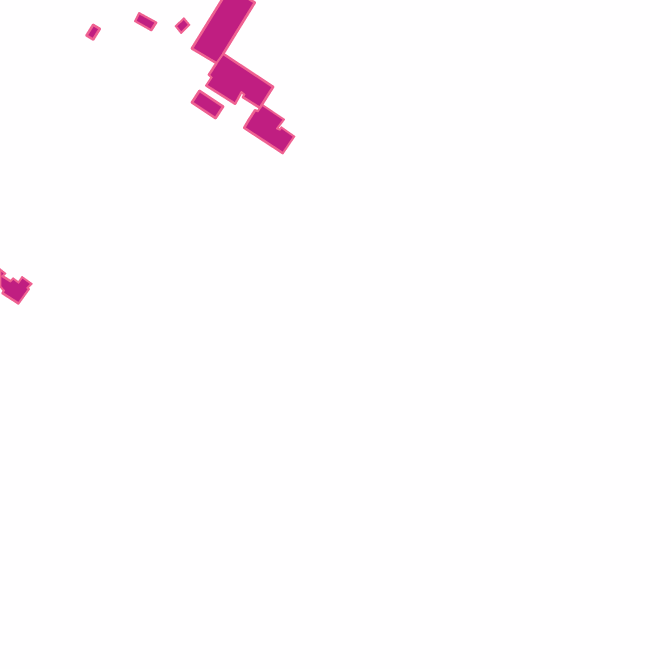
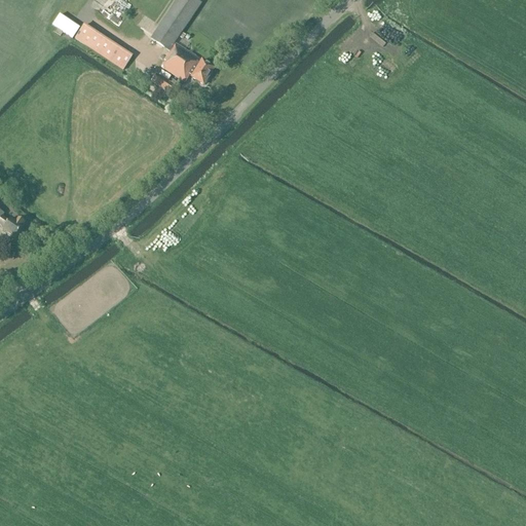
building: none -> [74,23,133,70]
building: [244,105,294,153] -> none

